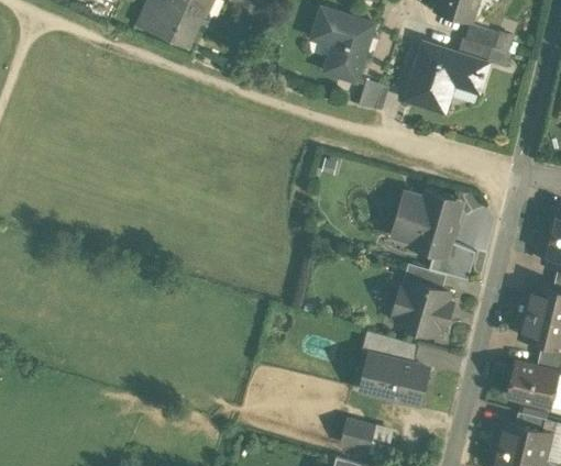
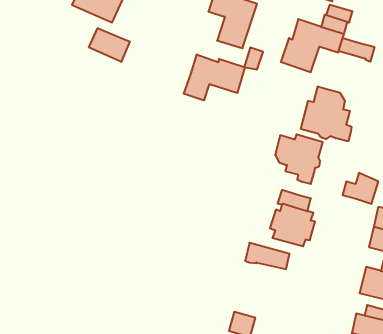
building: none -> [89,28,130,62]
building: none -> [339,38,374,62]
building: none -> [184,54,245,100]
building: none -> [301,86,352,141]
building: [429,242,475,281] -> [343,173,378,204]
building: [359,357,427,404] -> none

